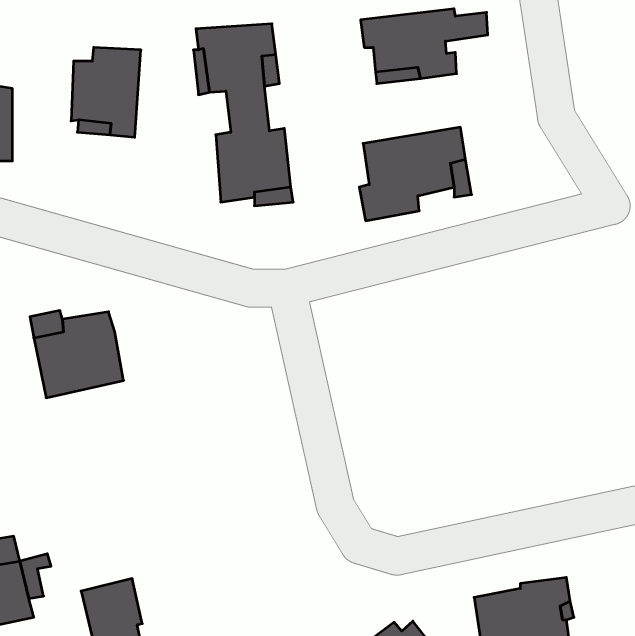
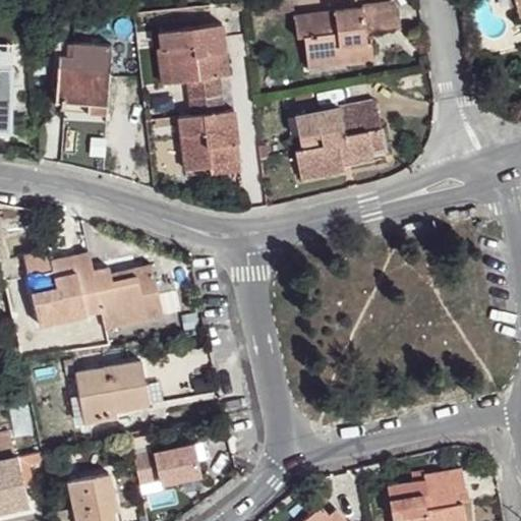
building: none -> [94,265,163,330]
building: none -> [73,363,147,424]
building: none -> [129,444,200,490]

